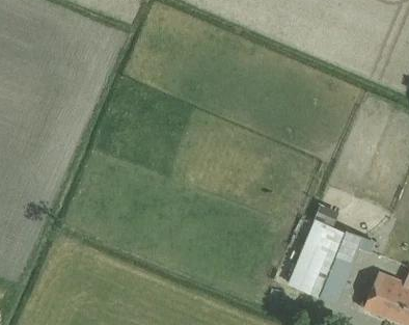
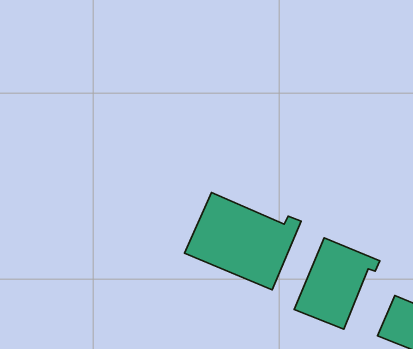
building: none -> [185,193,301,290]

